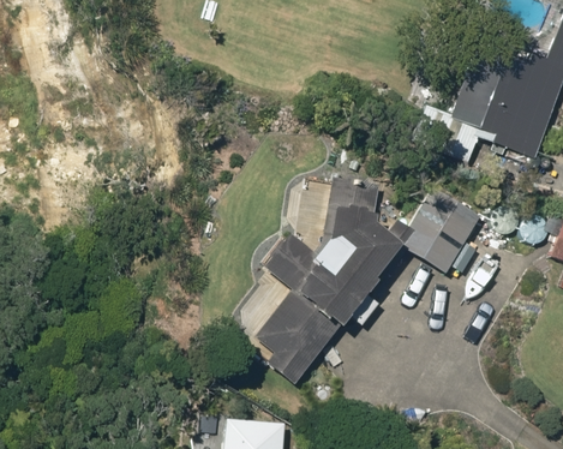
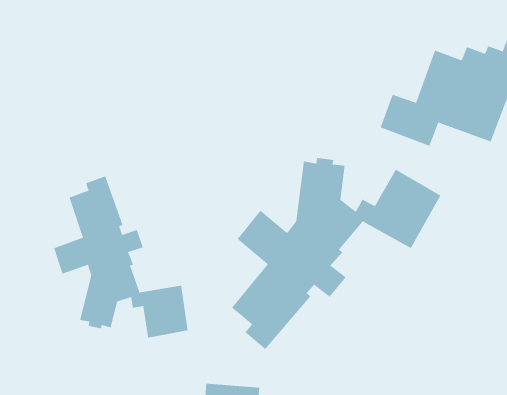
building: none -> [53,175,188,338]

